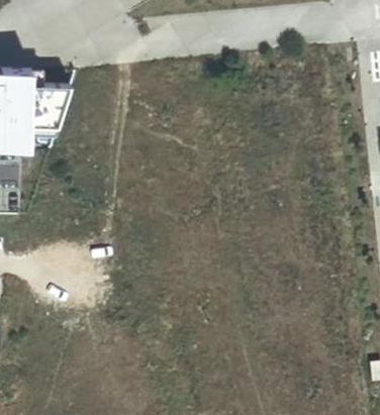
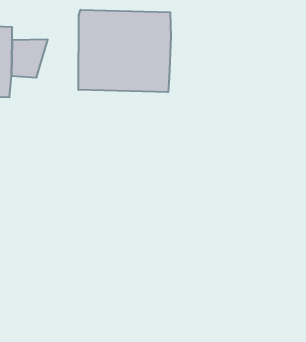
building: none -> [78,10,171,92]

